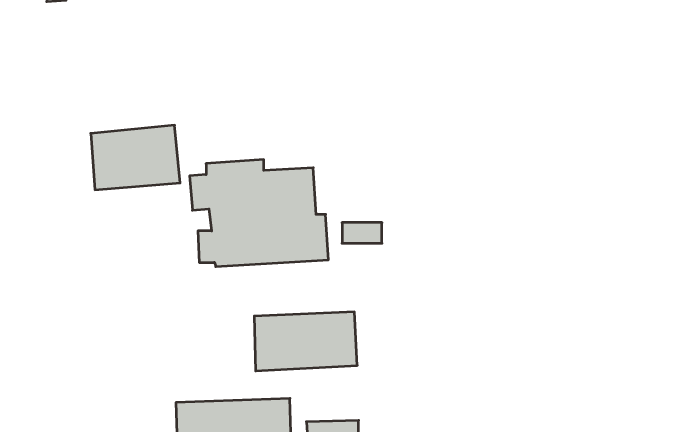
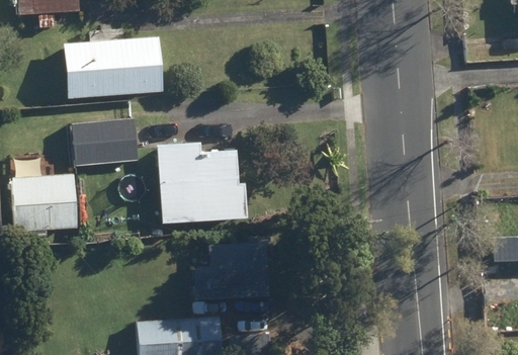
building: none -> [65,37,162,97]
building: none -> [13,176,76,231]

